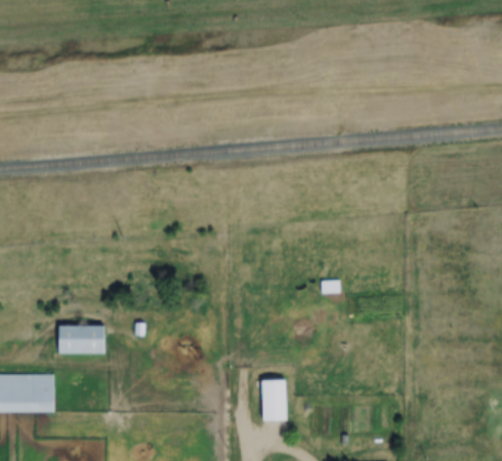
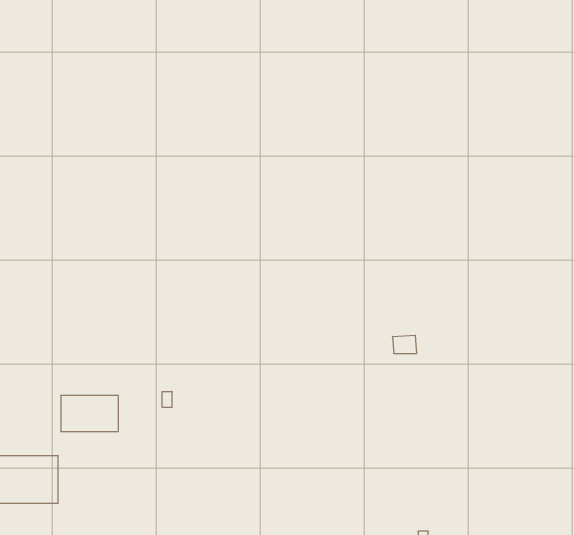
building: [263,380,288,420] -> none

